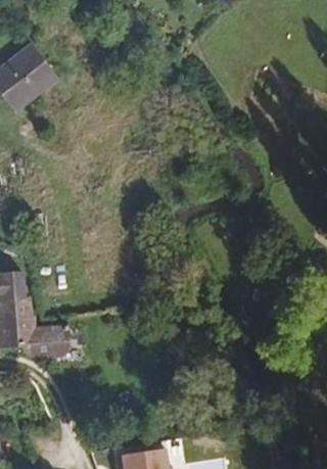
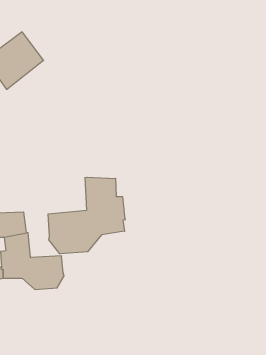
building: none -> [48,177,125,254]

